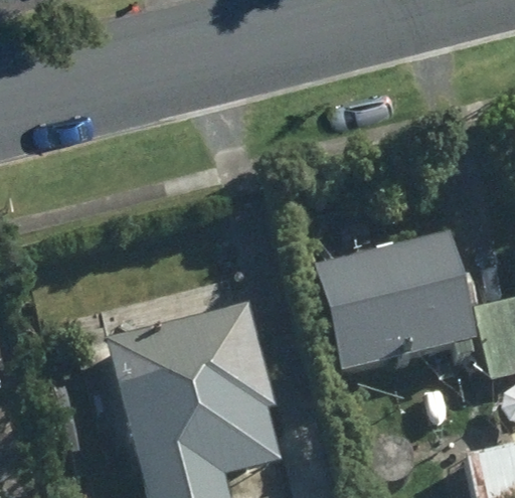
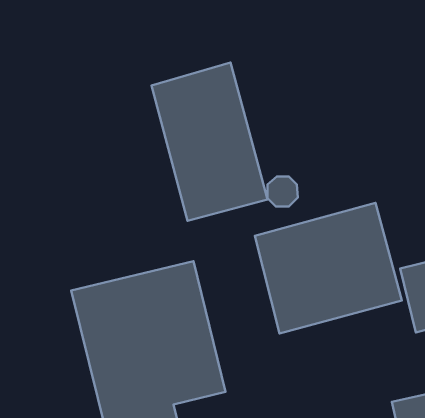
building: none -> [151,62,267,221]

